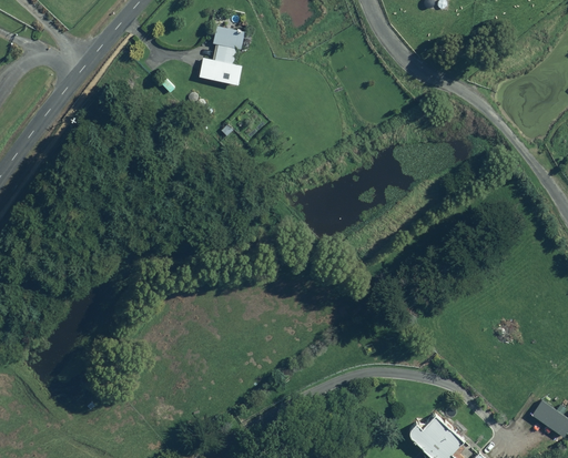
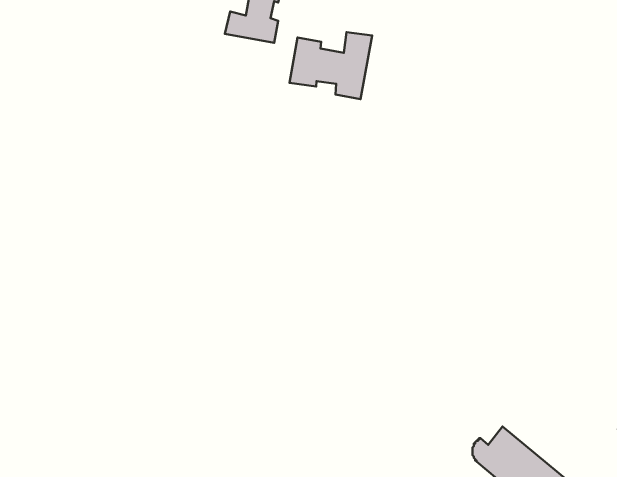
building: none -> [289,32,372,99]

